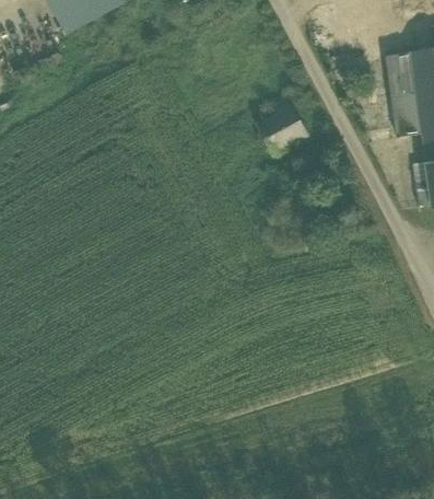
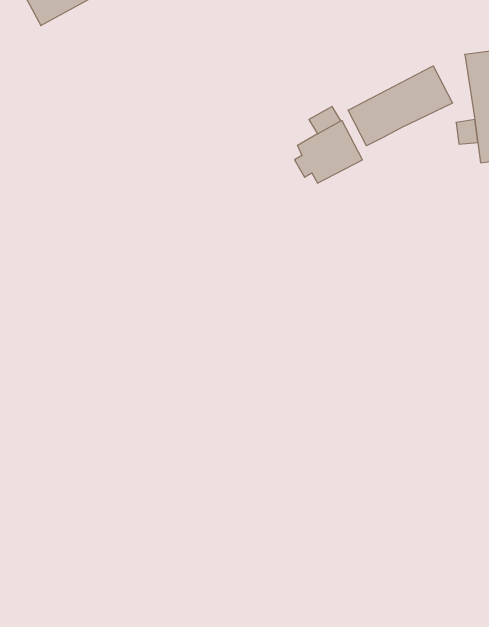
building: none -> [348,66,453,146]

